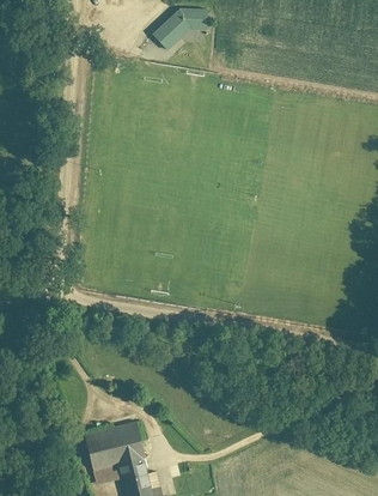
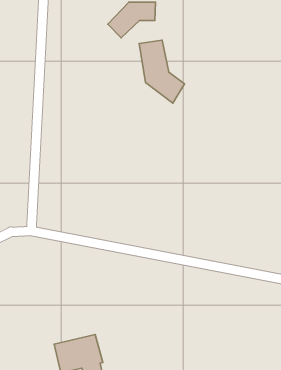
building: none -> [139,40,184,103]

